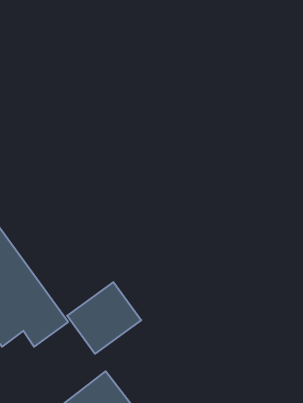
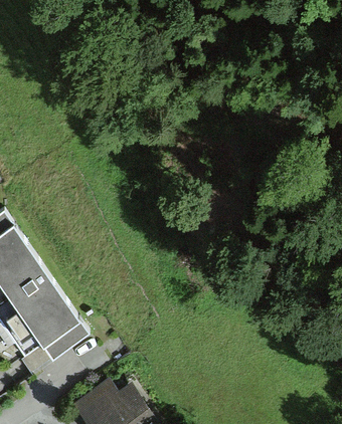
building: [67,282,141,354] -> none

